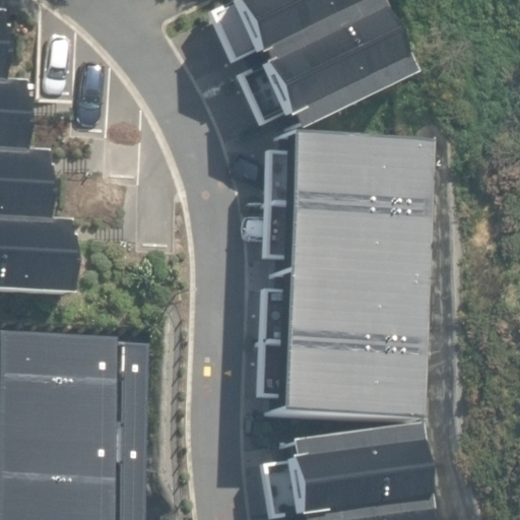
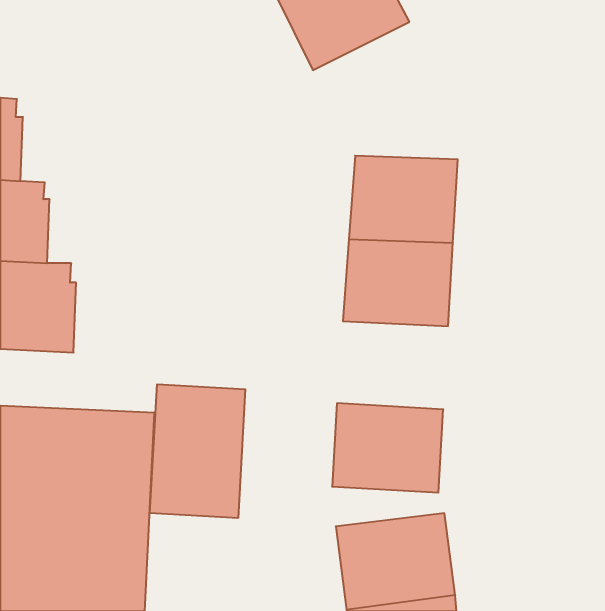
building: [273,18,386,123] -> none
building: [294,270,387,344] -> none
building: none -> [150,384,245,518]

